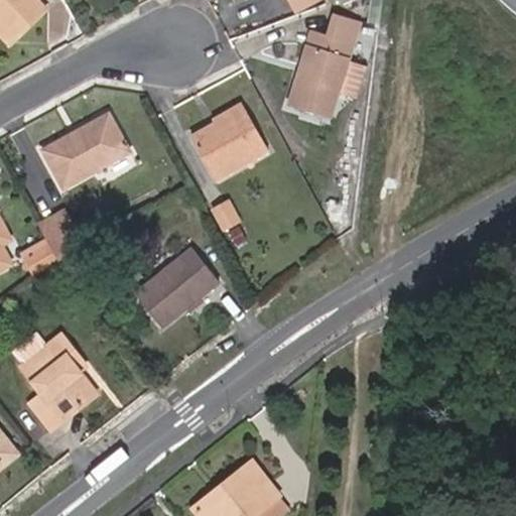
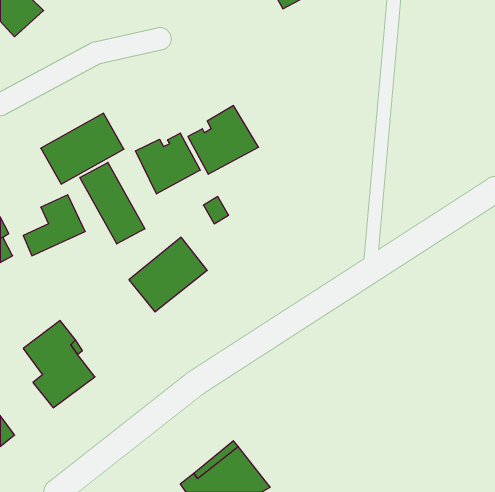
building: [289,20,354,116] -> none
building: none -> [136,133,200,194]
building: none -> [80,162,145,244]

